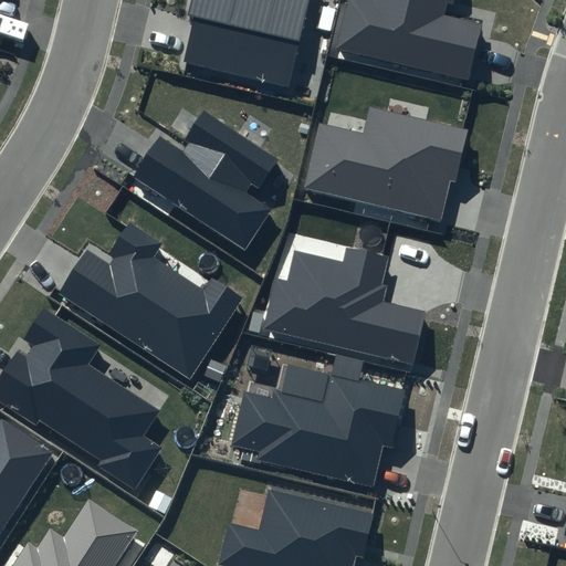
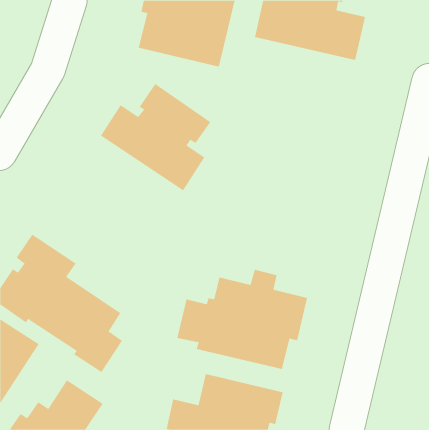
building: [302,107,468,221] -> none
building: [59,221,243,379] -> none
building: [261,249,423,366] -> none

